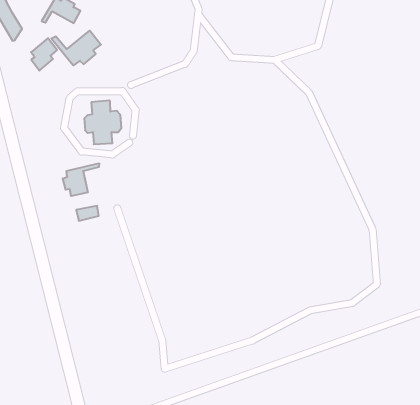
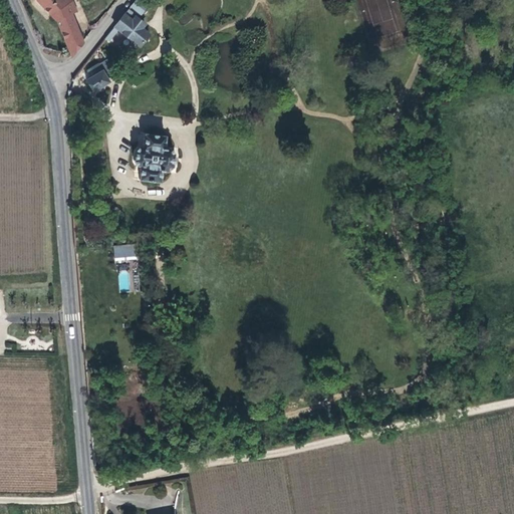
building: [51,31,101,65] -> none
building: [63,163,99,196] -> none

